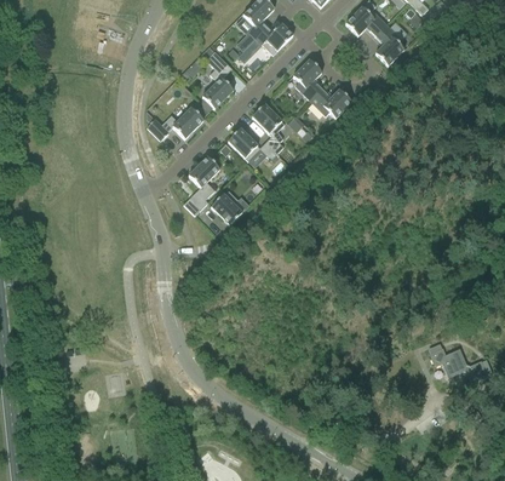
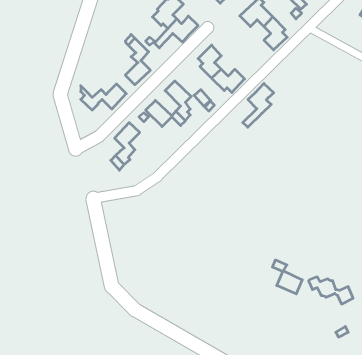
building: none -> [243,83,274,127]
building: [211,189,249,224] -> none
building: none -> [272,260,302,294]

